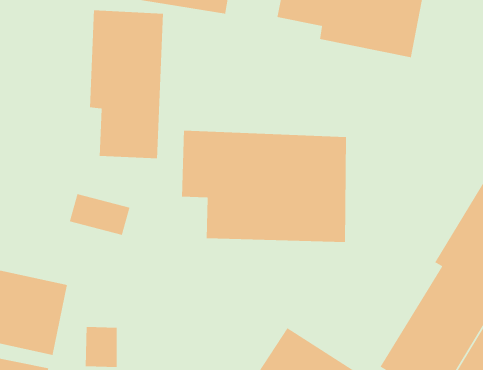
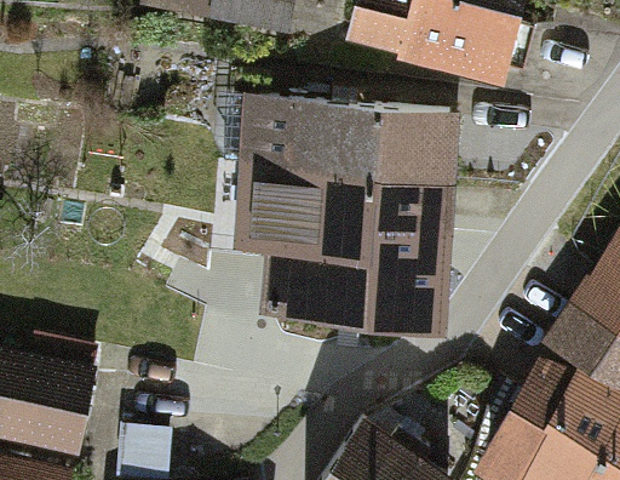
building: [89,9,164,159] -> none
building: none -> [239,104,442,184]

